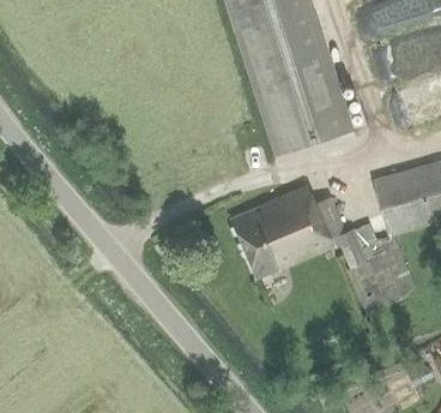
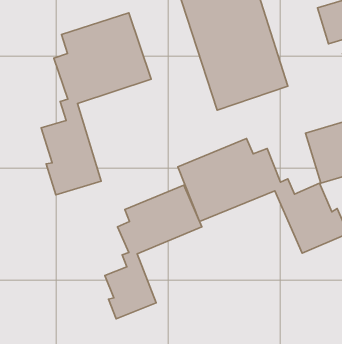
building: none -> [41,13,151,195]
building: none -> [105,185,202,319]

